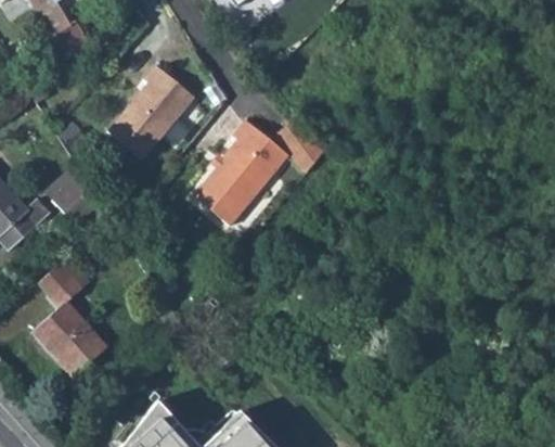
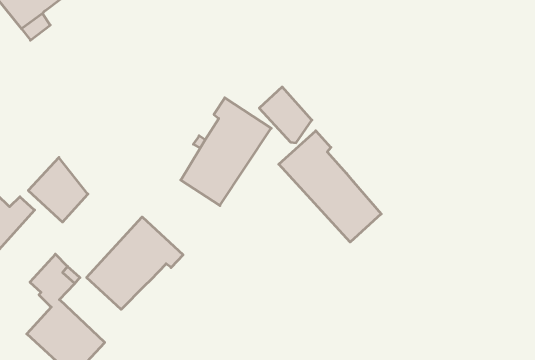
building: [111,65,197,159] -> none
building: none -> [279,131,381,242]
building: none -> [87,217,183,309]

